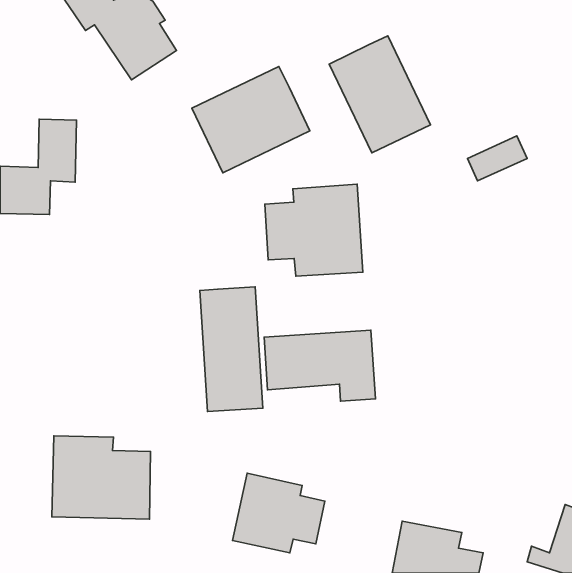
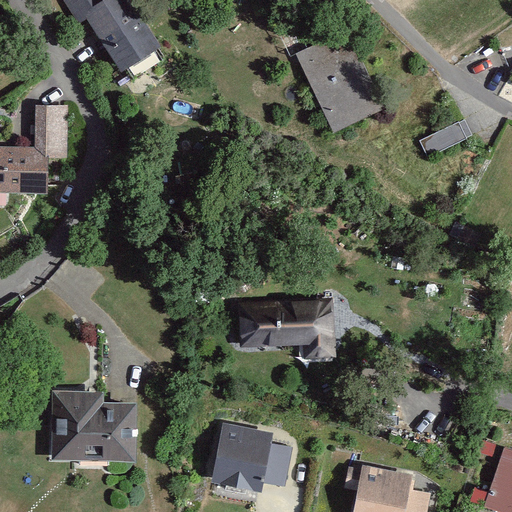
building: [192,66,310,173] -> none
building: [265,184,363,276] -> none
building: [200,287,263,412] -> none

